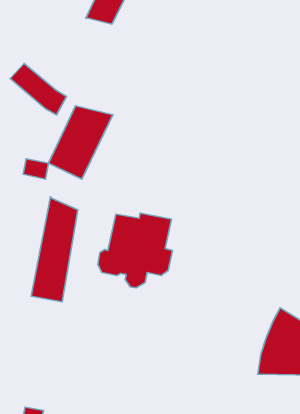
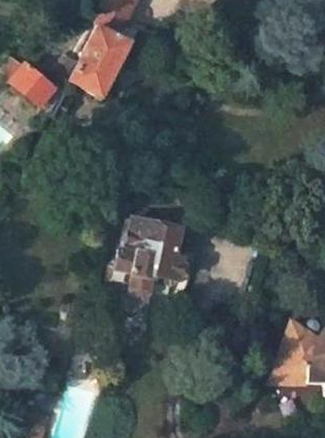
building: [48,106,113,179] -> [70,20,136,95]
building: [31,197,78,302] -> none

